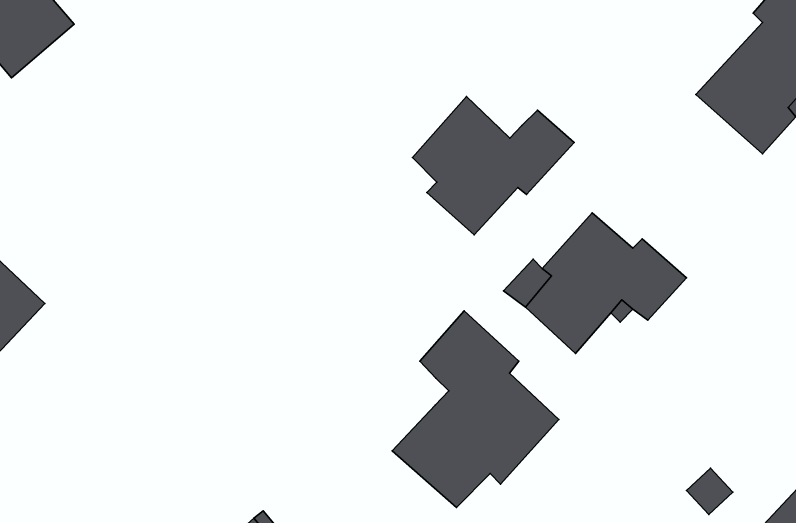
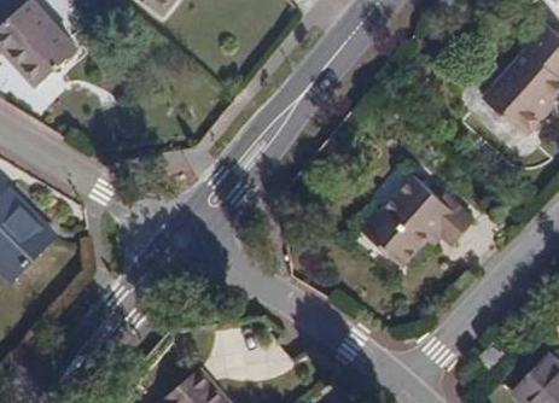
building: [413,97,574,235] -> none
building: [392,311,559,507] -> none

